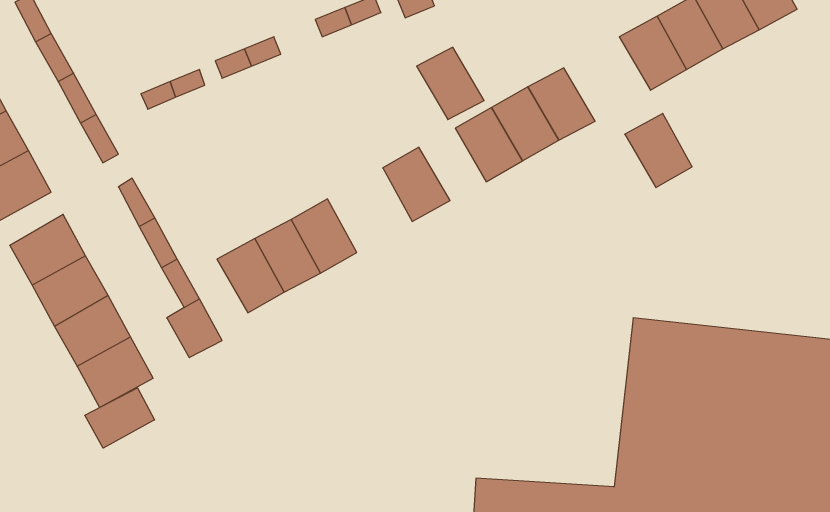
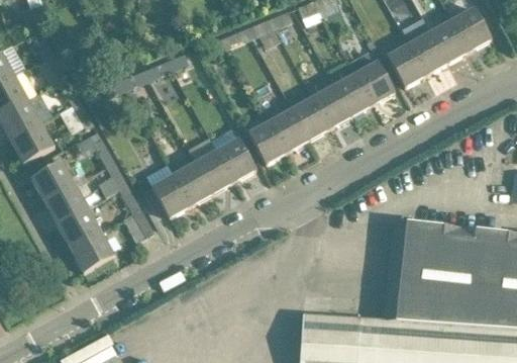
building: [417,47,484,120] -> [270,108,309,151]
building: [625,113,692,188] -> [354,61,394,104]
building: none -> [216,138,255,181]
building: [85,388,155,448] -> none

